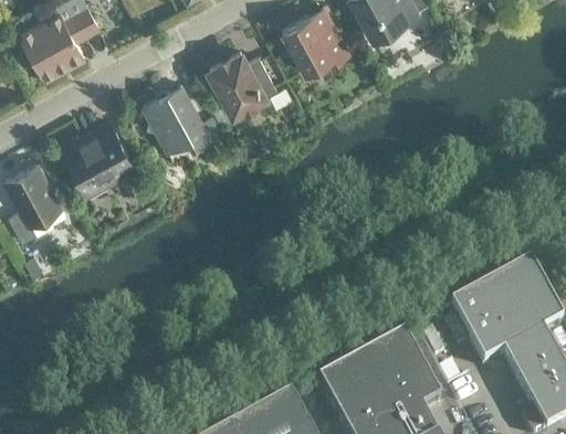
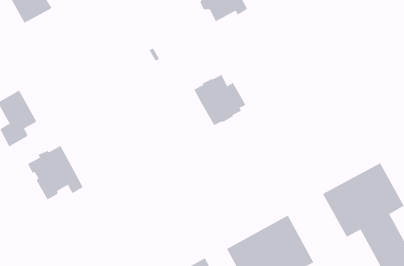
building: [206,46,277,117] -> [194,74,246,126]
building: [144,84,212,160] -> none
building: [65,124,143,199] -> [27,145,84,200]

